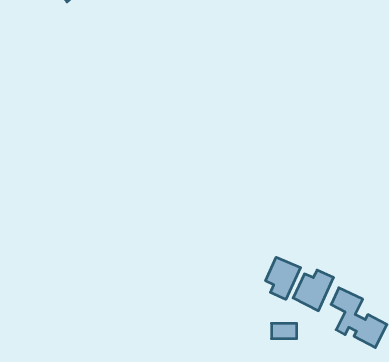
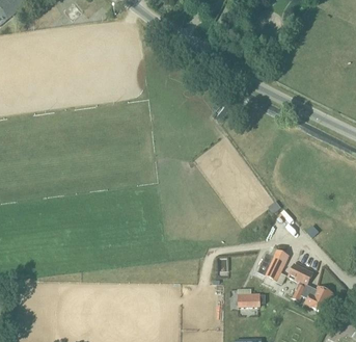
building: [266,257,301,299] -> none

